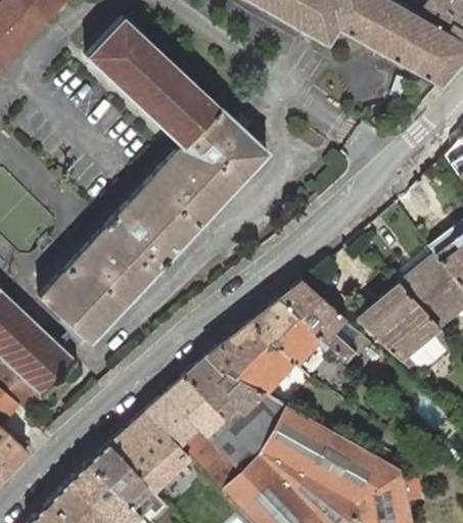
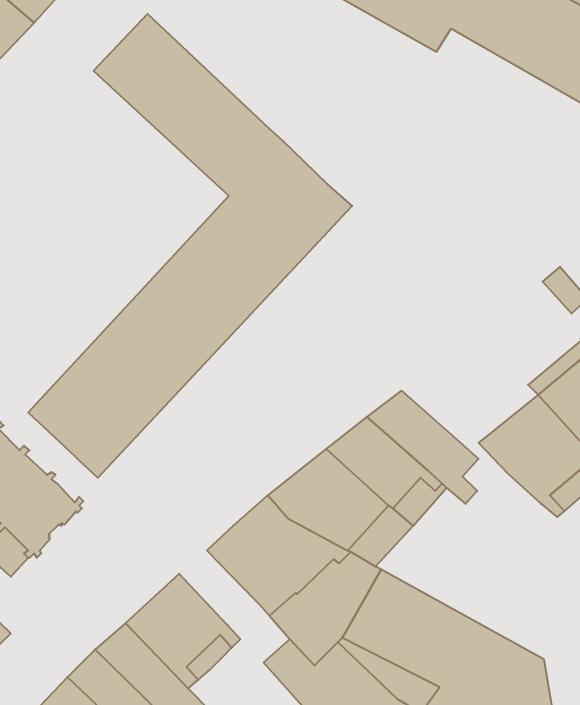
building: [147,394,203,446] -> none

